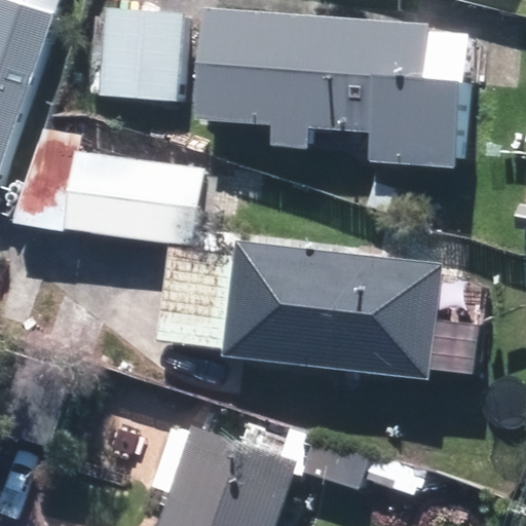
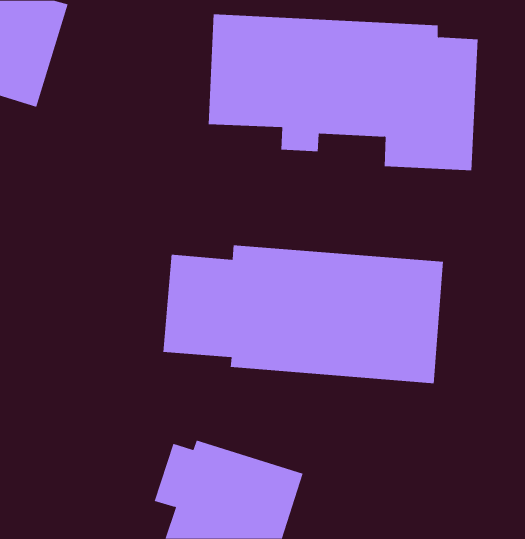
building: [99,14,179,102] -> none
building: [65,155,202,242] -> none

